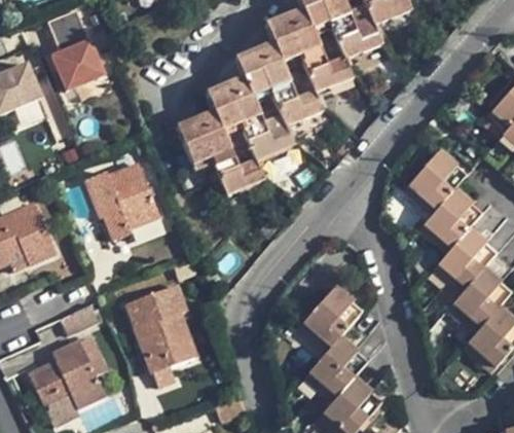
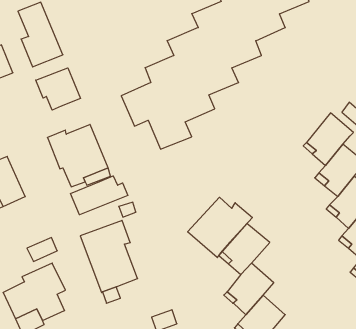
building: none -> [36,68,80,110]
building: none -> [71,176,128,215]
building: none -> [188,197,252,258]

